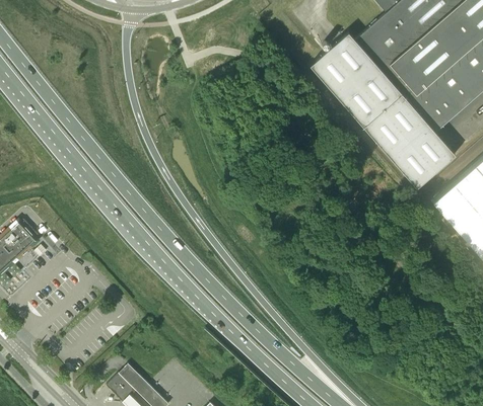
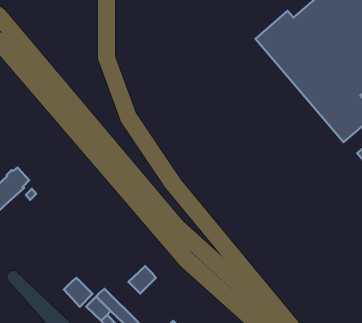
building: none -> [128,266,156,293]
building: none -> [64,278,93,307]

